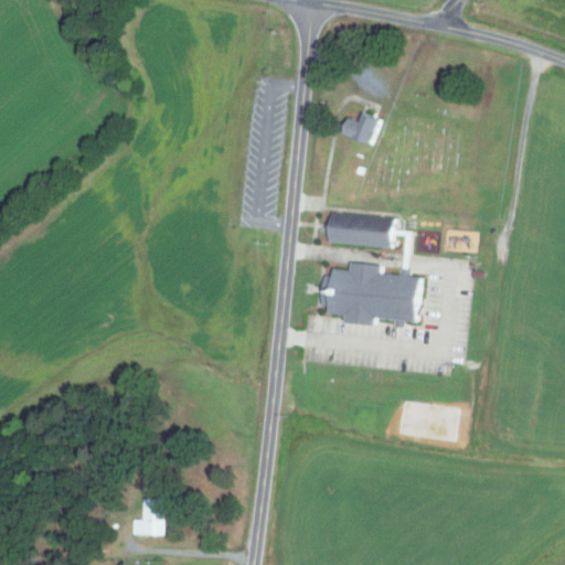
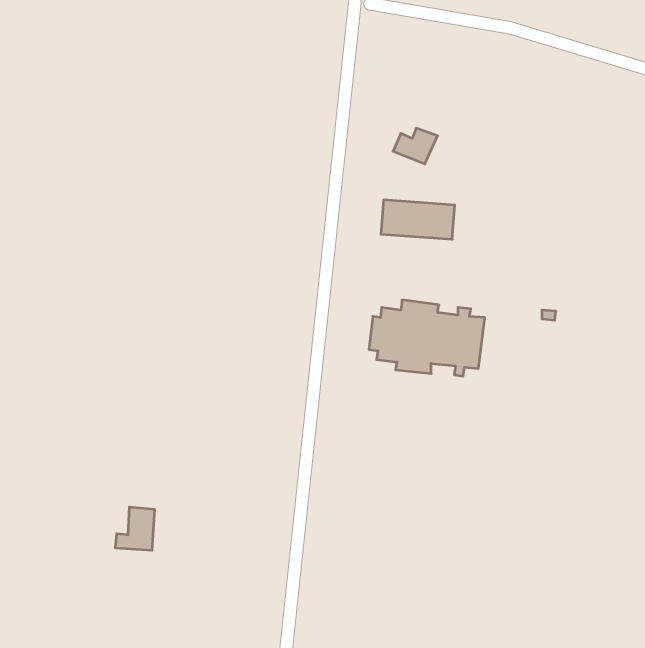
building: [328,213,392,247] -> [381,200,455,239]
building: [131,500,166,537] -> [115,507,155,550]

